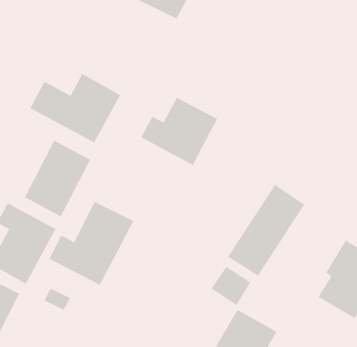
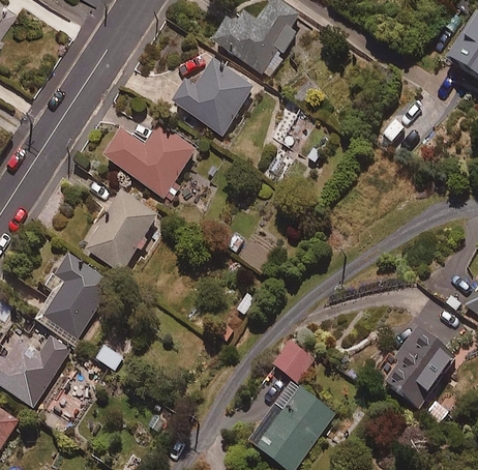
building: [140,97,218,166] -> [170,60,253,135]
building: [227,184,305,277] -> none
building: [48,201,134,286] -> none

